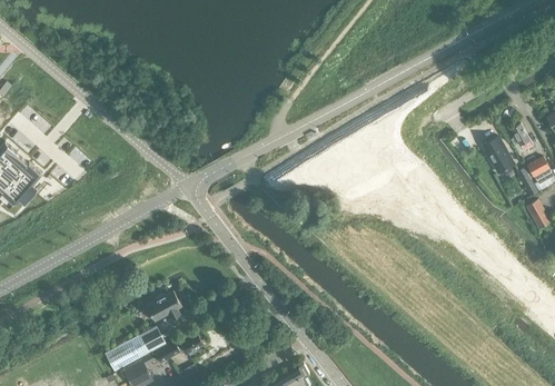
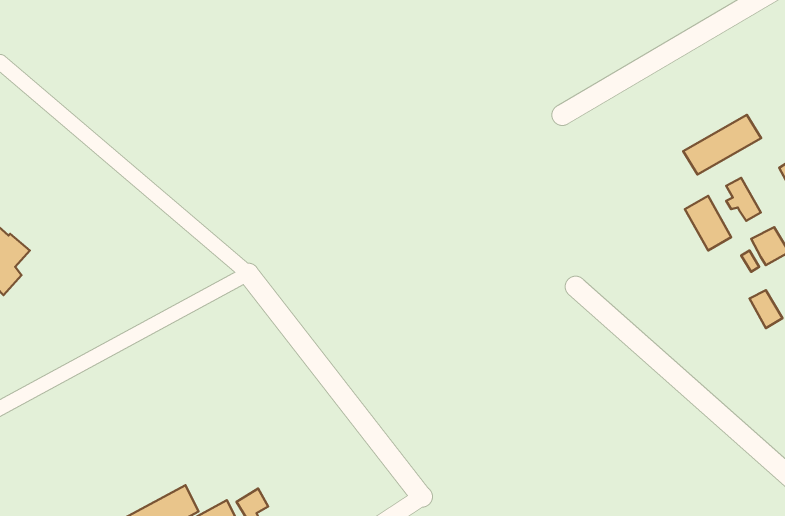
building: none -> [683,115,761,174]
building: [146,291,182,323] -> none

